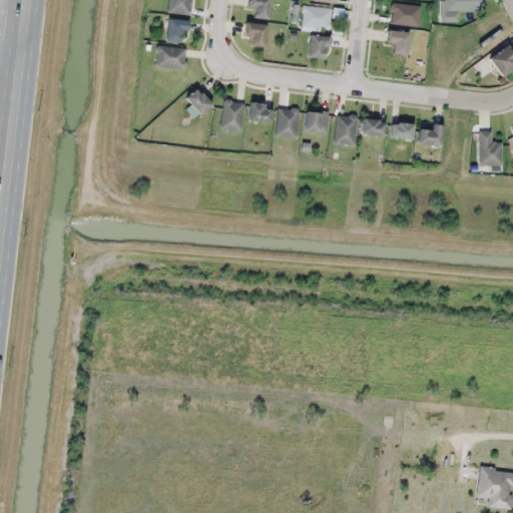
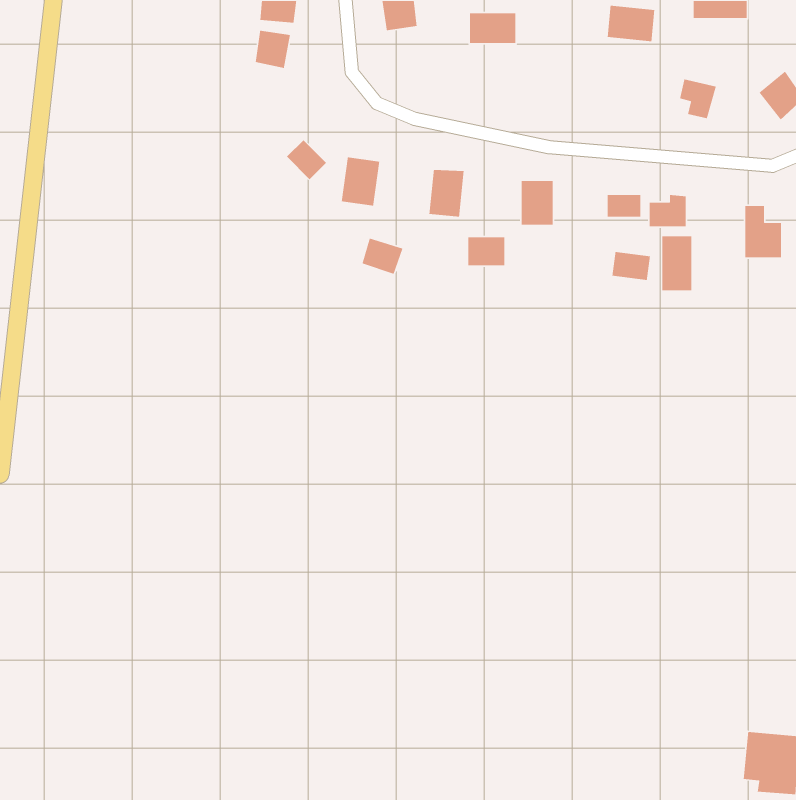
building: [244,23,266,47] -> none
building: [386,29,410,55] -> [679,78,717,119]
building: [308,35,329,59] -> none
building: [156,46,188,70] -> none
building: [247,101,275,125] -> [361,237,404,275]
building: [305,112,329,131] -> [468,237,505,266]
building: [361,118,386,137] -> [612,251,651,281]
building: none -> [661,235,692,291]

